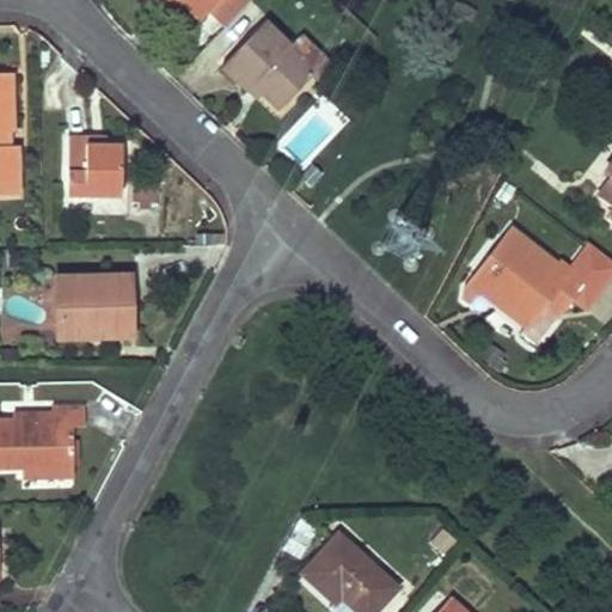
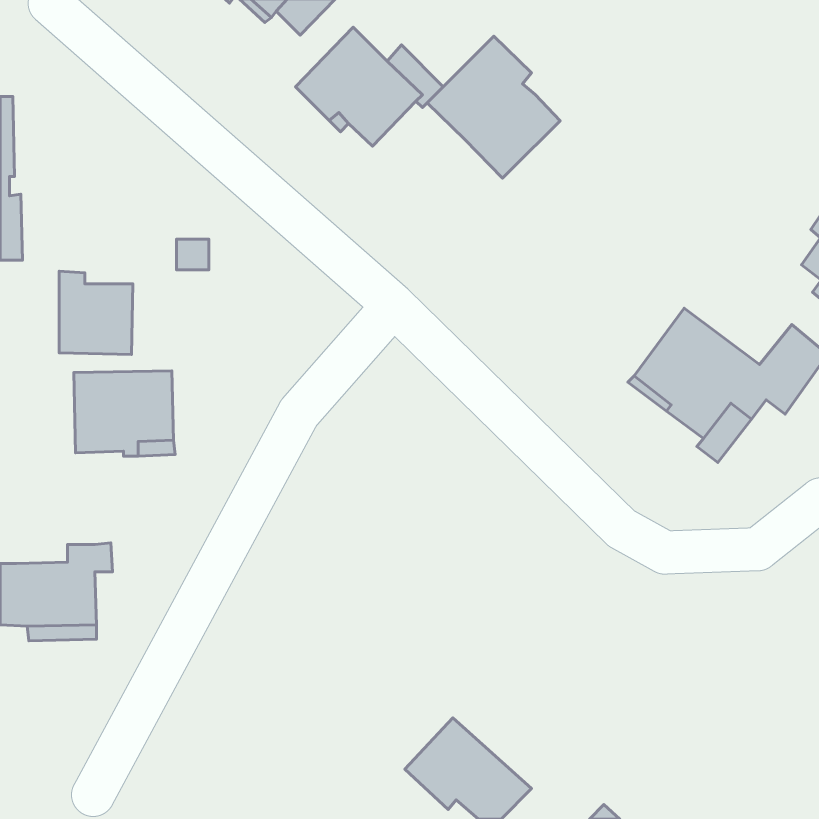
building: none -> [427,36,560,178]
building: [67,134,122,196] -> [59,271,133,355]

